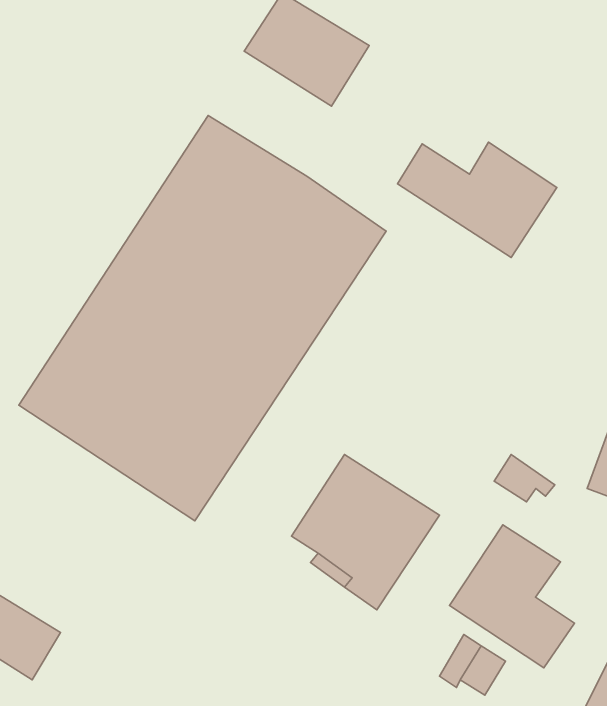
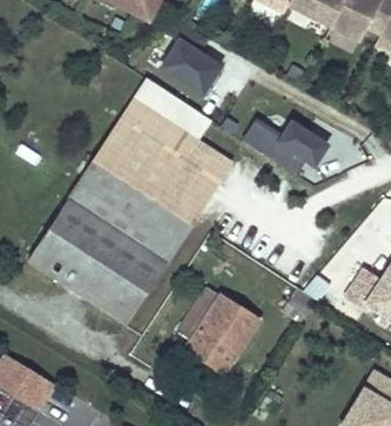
building: none -> [135,79,202,134]
building: [450,525,575,668] -> none

